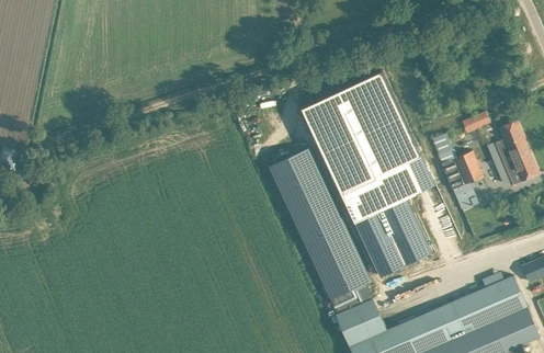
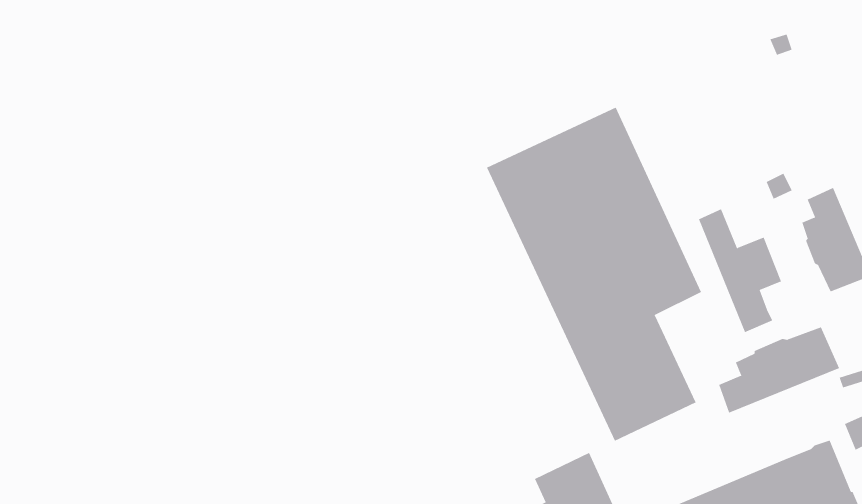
building: [269,148,371,300] -> none
building: none -> [719,327,840,414]

